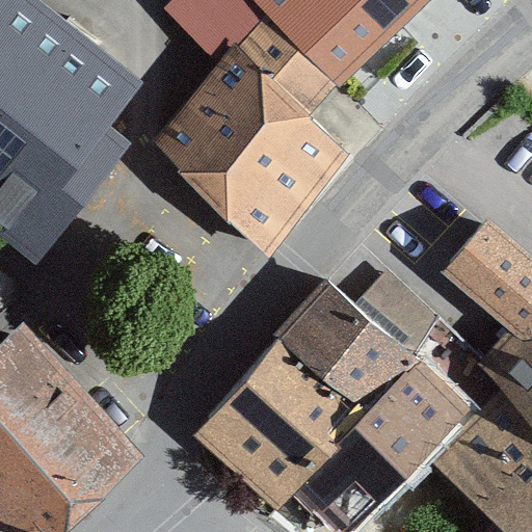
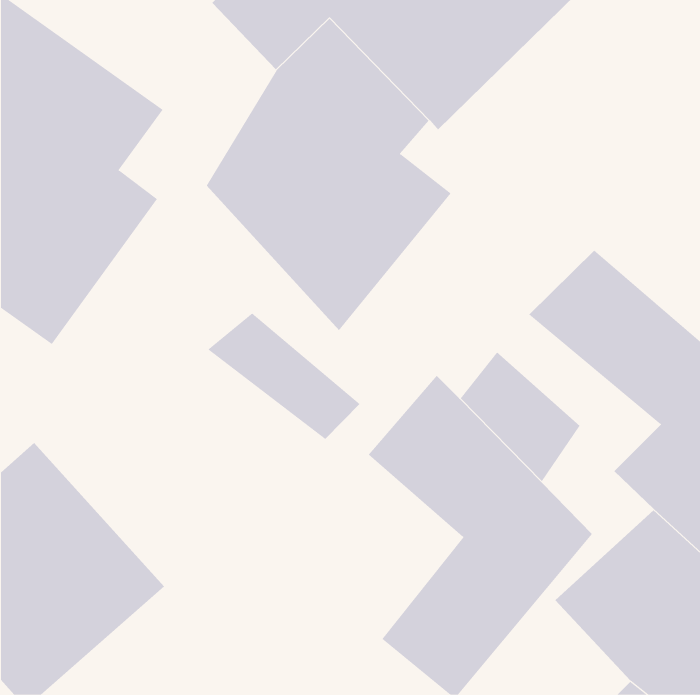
building: none -> [207,313,361,440]
building: [197,344,351,510] -> none

